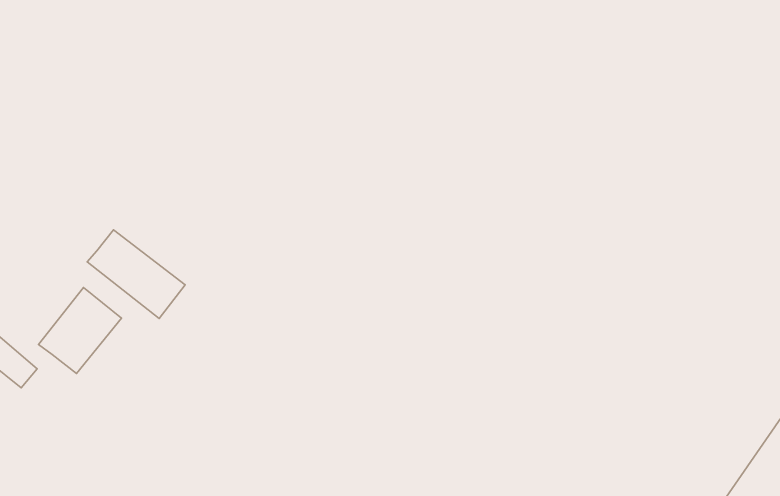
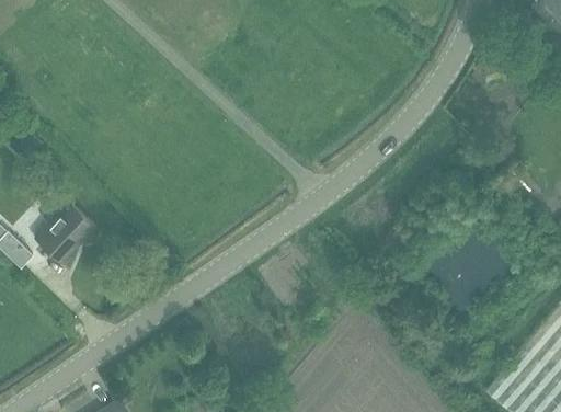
building: [87,230,185,319] -> none

